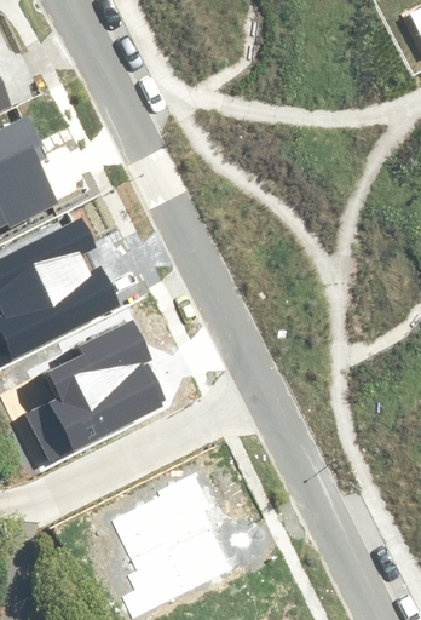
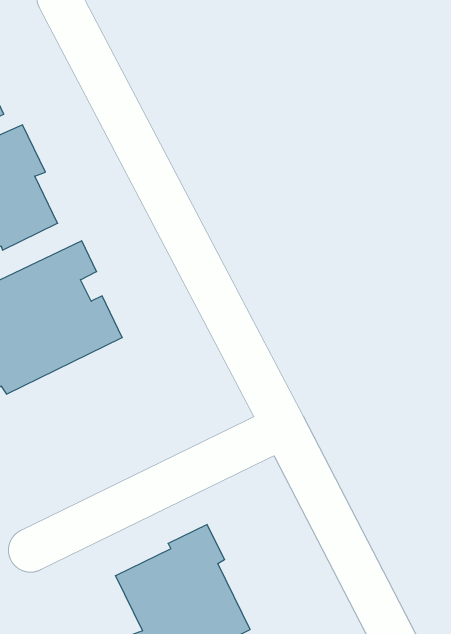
building: [23,321,165,463] -> none

